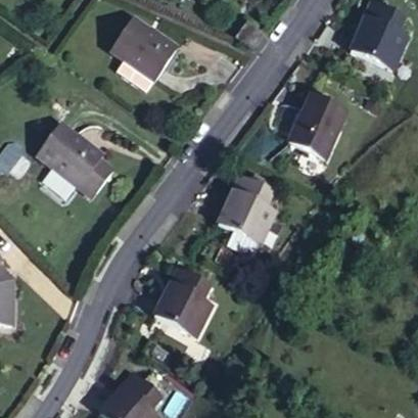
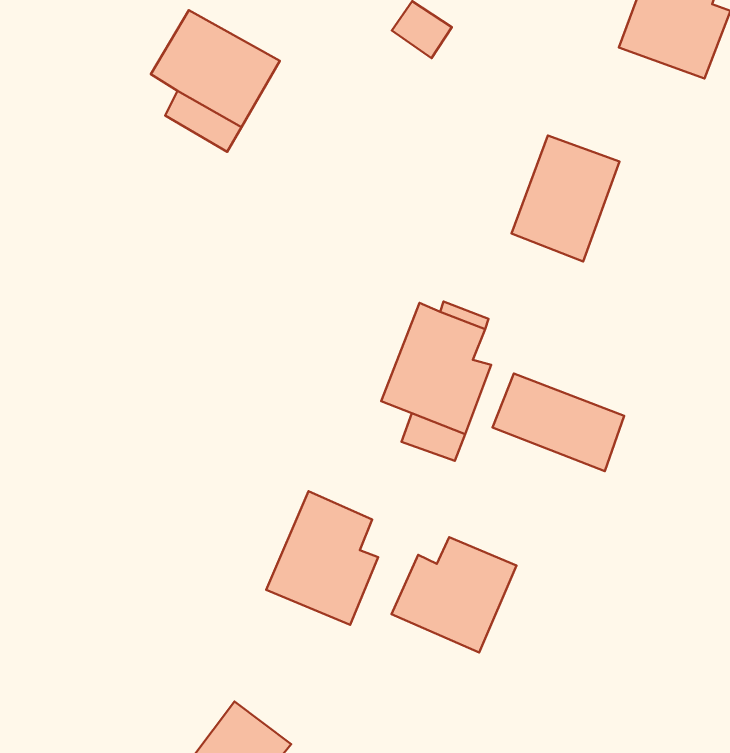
building: [36,123,115,195] -> none
building: none -> [493,373,624,471]
building: none -> [392,537,517,653]

